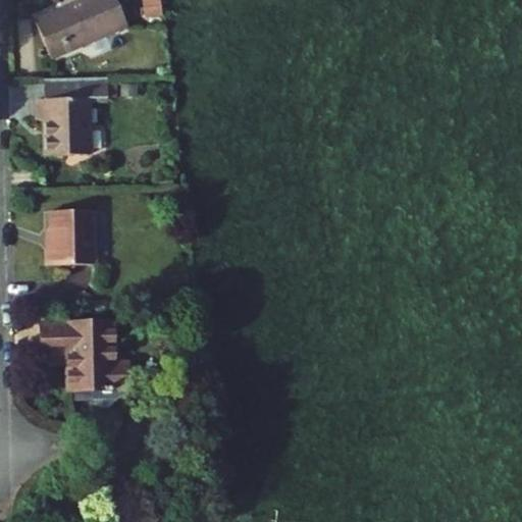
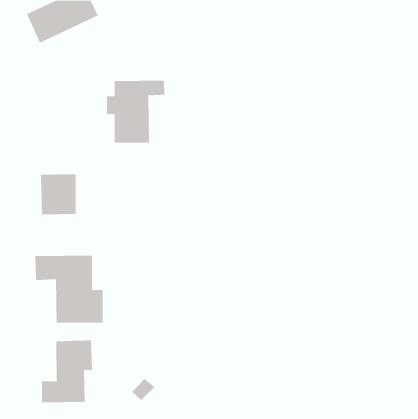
building: [35,75,108,154] -> [106,80,165,143]
building: none -> [41,340,92,403]

